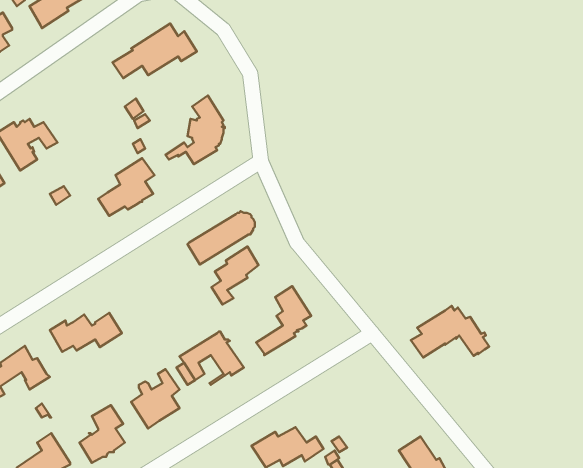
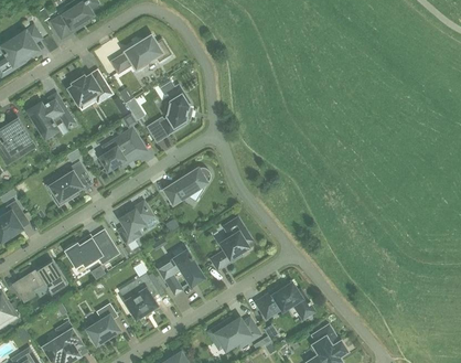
building: none -> [68,75,110,108]
building: none -> [52,162,87,205]
building: [212,247,259,304] -> [118,202,151,243]
building: [411,306,489,357] -> [258,282,313,319]

